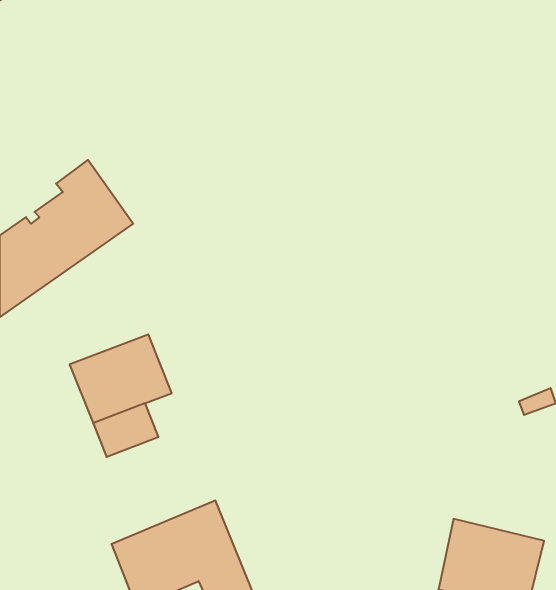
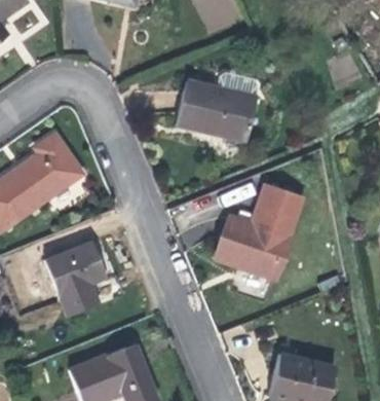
building: none -> [177,80,257,140]
building: none -> [218,185,302,277]

